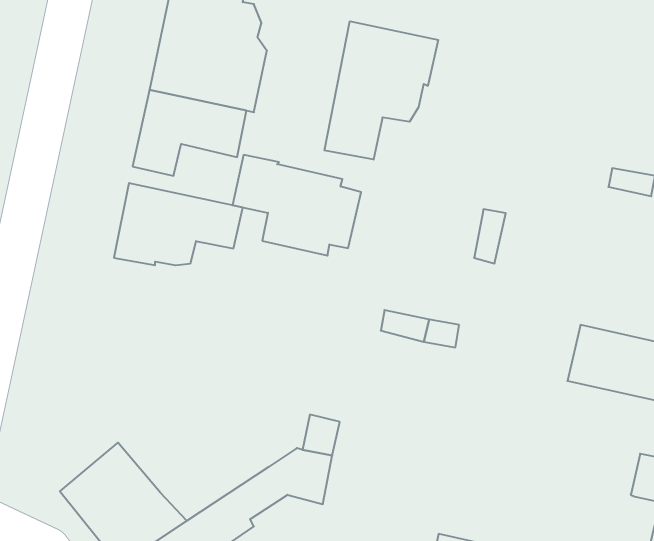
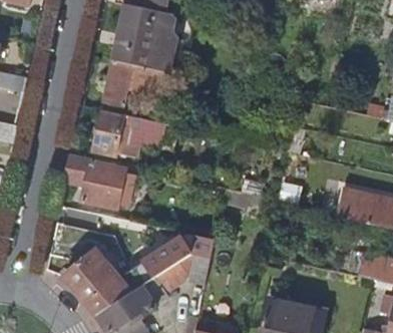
building: [325,21,438,160] -> none
building: [232,155,361,256] -> [65,153,134,208]
building: none -> [118,247,176,291]

